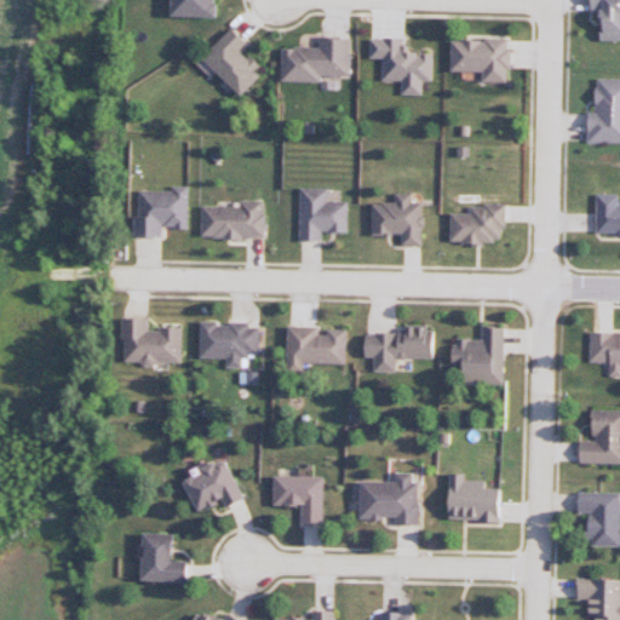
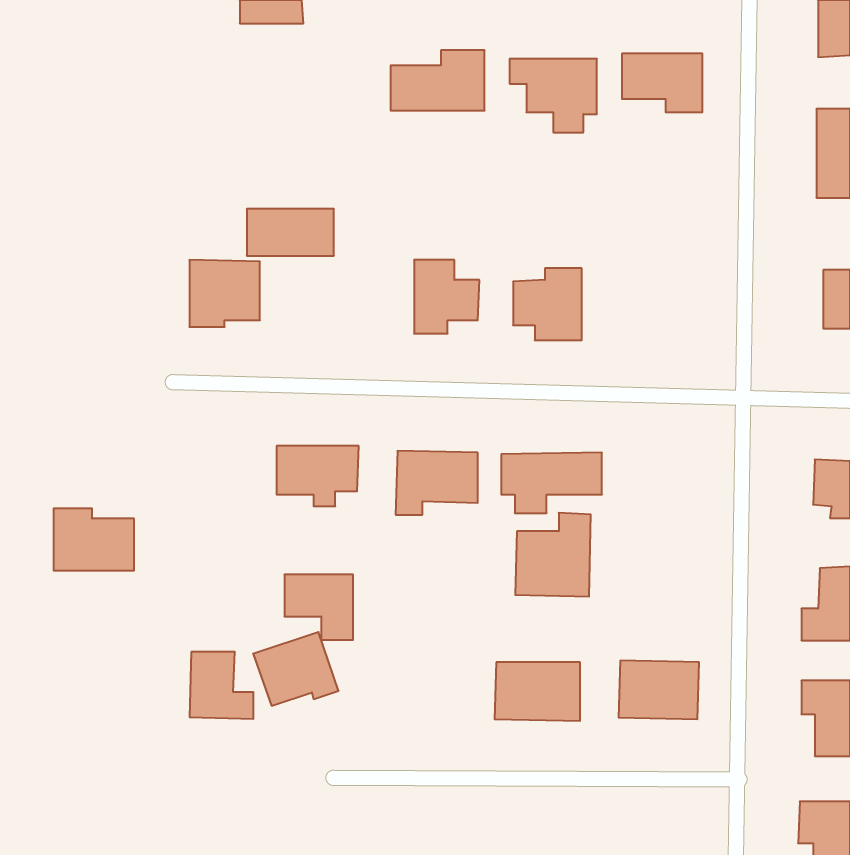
building: [203,28,265,97] -> none
building: [200,205,263,239] -> [247,209,334,256]
building: [449,208,504,246] -> none
building: [122,318,180,363] -> [54,508,134,571]
building: [449,325,504,385] -> [515,513,591,597]
building: [275,476,325,523] -> [284,575,353,640]
building: [143,533,189,581] -> [190,652,253,719]

